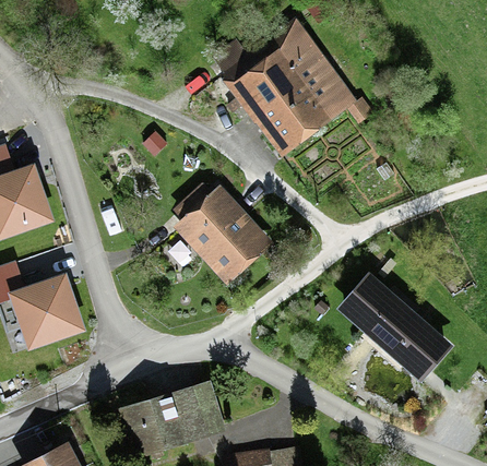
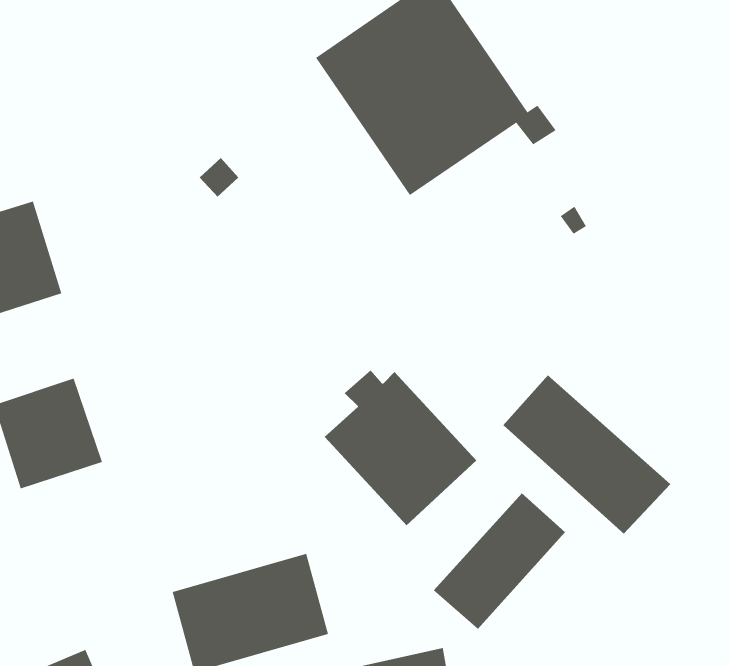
building: [173,181,272,283] -> [324,370,477,526]
building: none -> [433,493,566,630]

